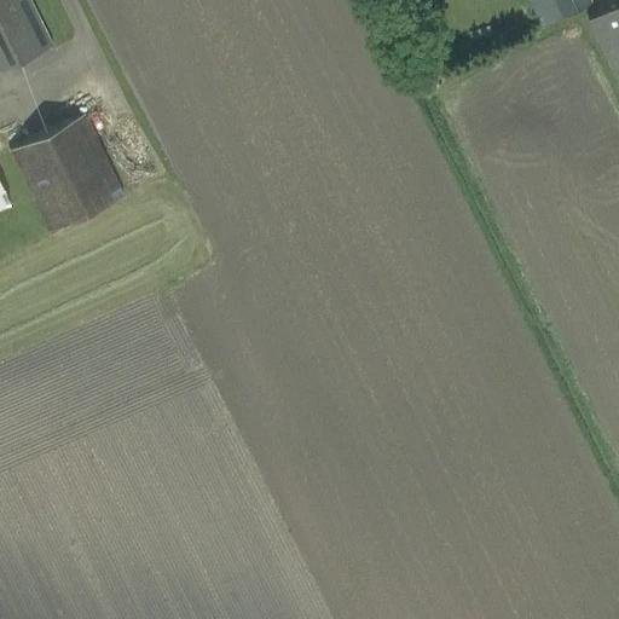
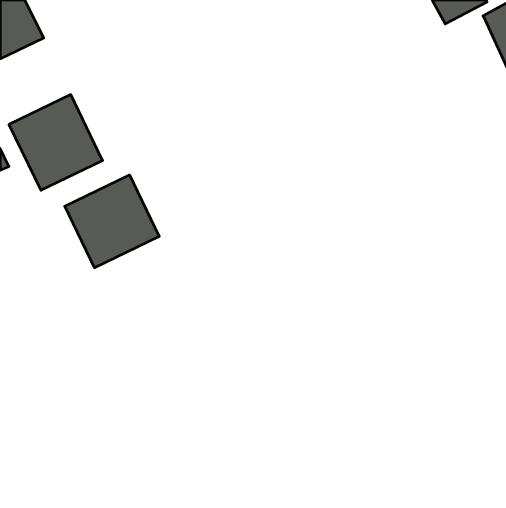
building: none -> [65,175,159,268]

